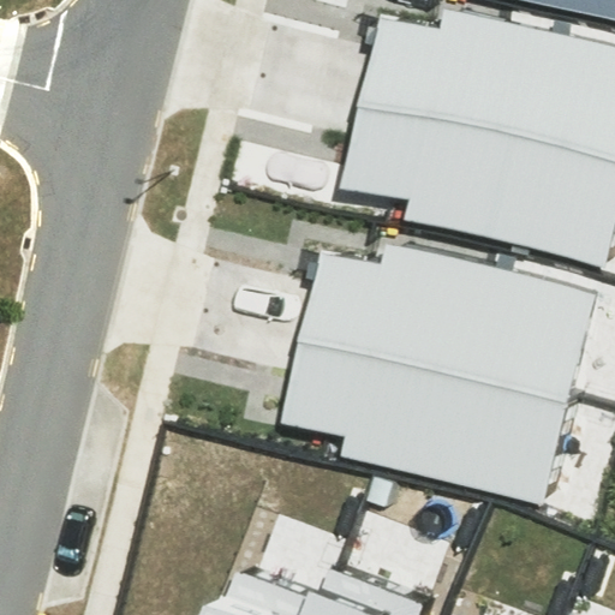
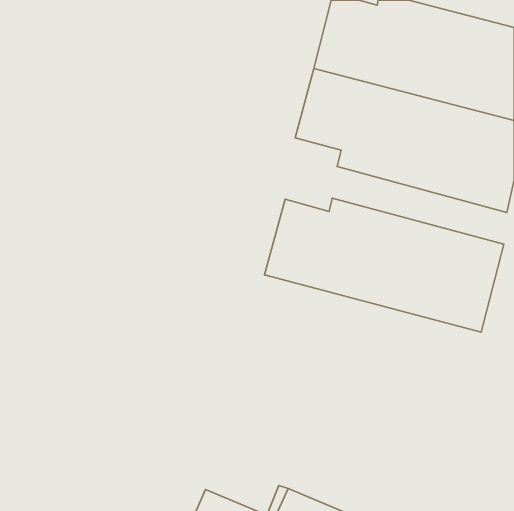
building: [291,336,566,506] -> none

